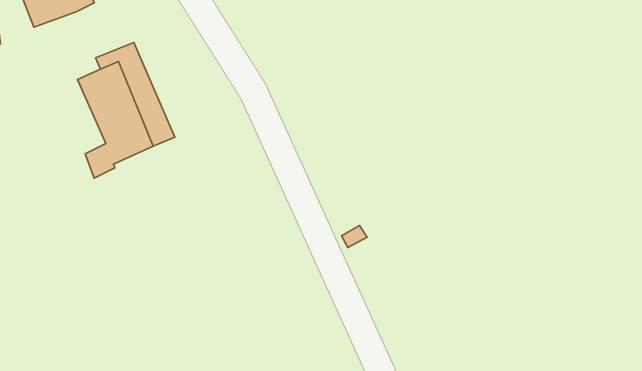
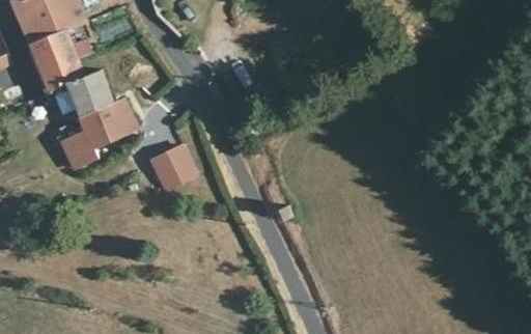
building: none -> [31,37,85,100]
building: none -> [144,140,195,189]

